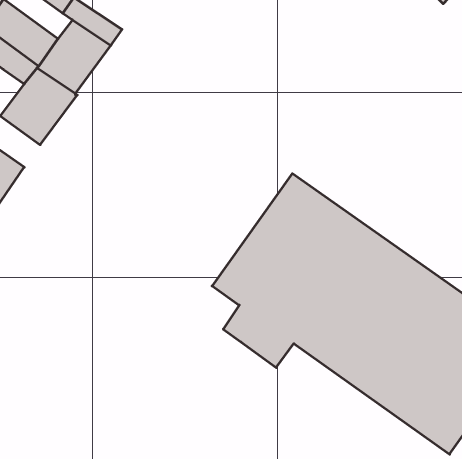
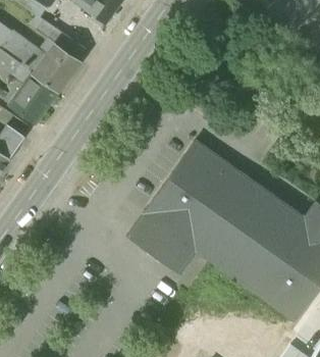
building: none -> [127,213,184,273]

